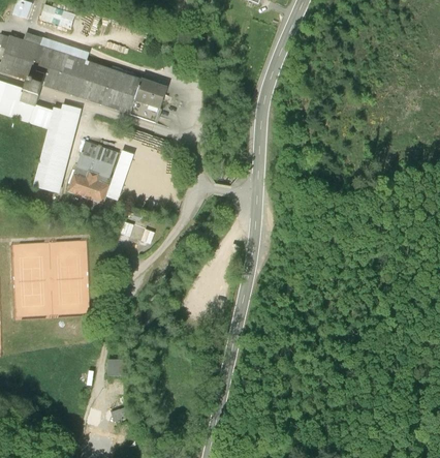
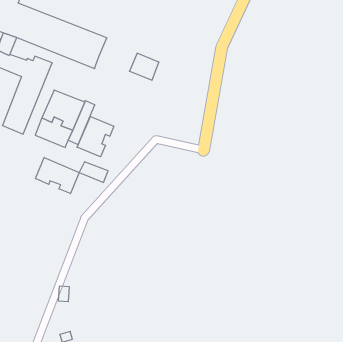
building: [133,79,165,108] -> [129,53,159,80]
building: none -> [77,117,114,157]
building: none -> [36,157,79,194]

